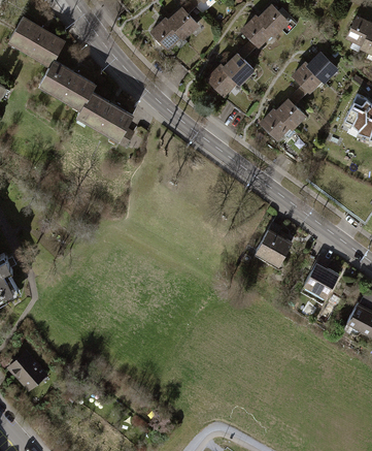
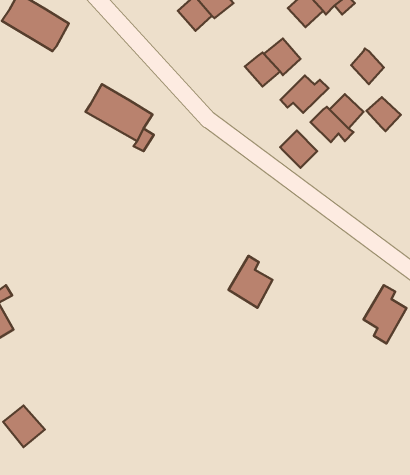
building: [308,53,336,80] -> [367,97,401,131]
building: [39,60,95,107] -> none
building: none -> [280,76,328,113]
building: none -> [280,131,317,168]
building: [256,222,292,264] -> [228,256,273,308]

